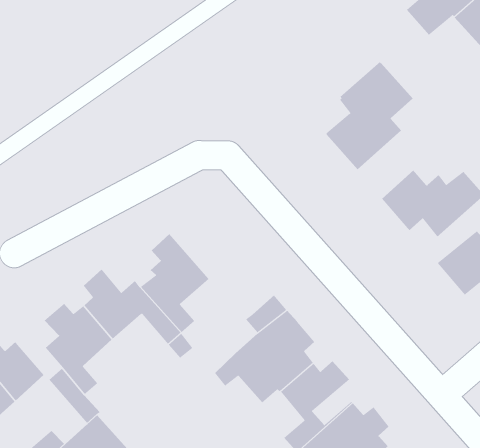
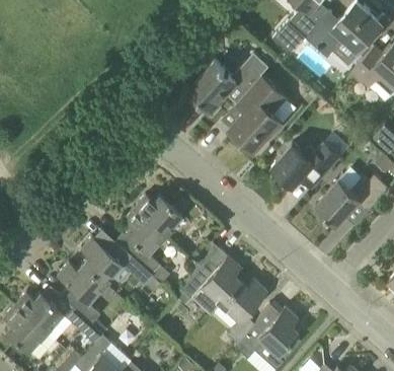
building: none -> [189,55,269,114]
building: none -> [135,197,182,236]

